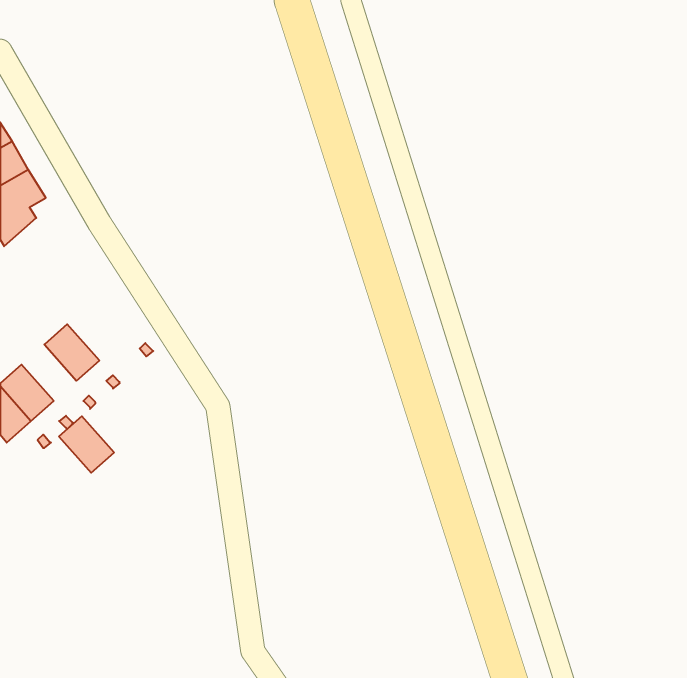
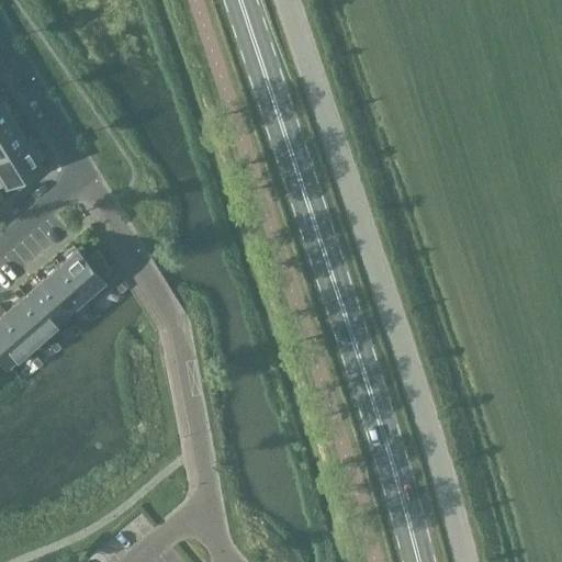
building: none -> [55,256,110,302]
building: [59,416,114,473] -> [18,289,63,335]

